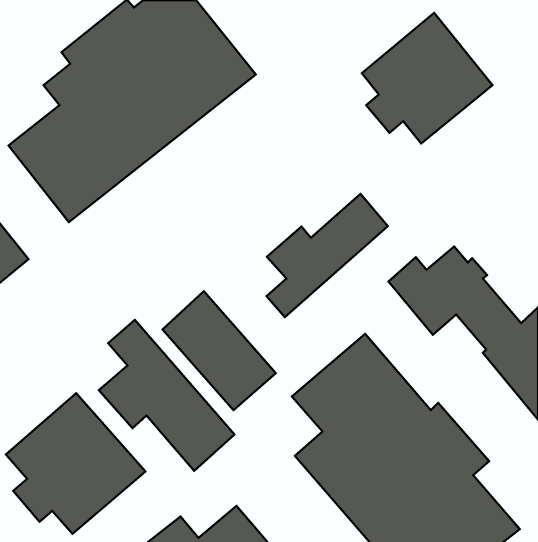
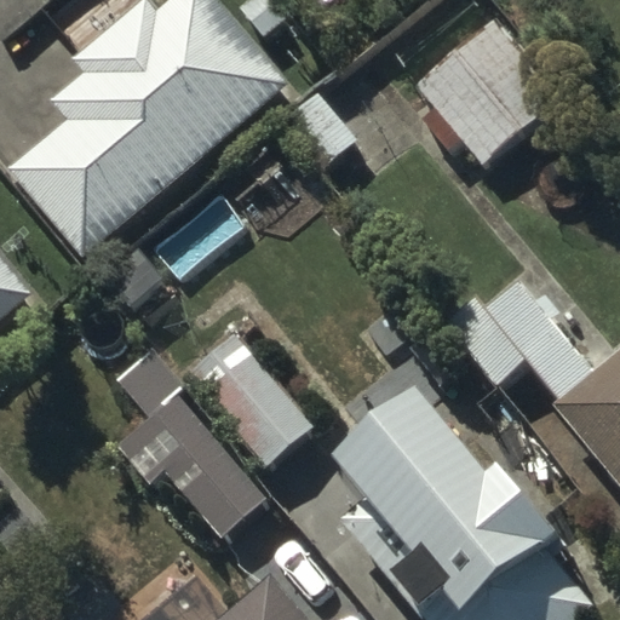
building: [267,194,388,317] -> none
building: [6,393,145,534] -> none

